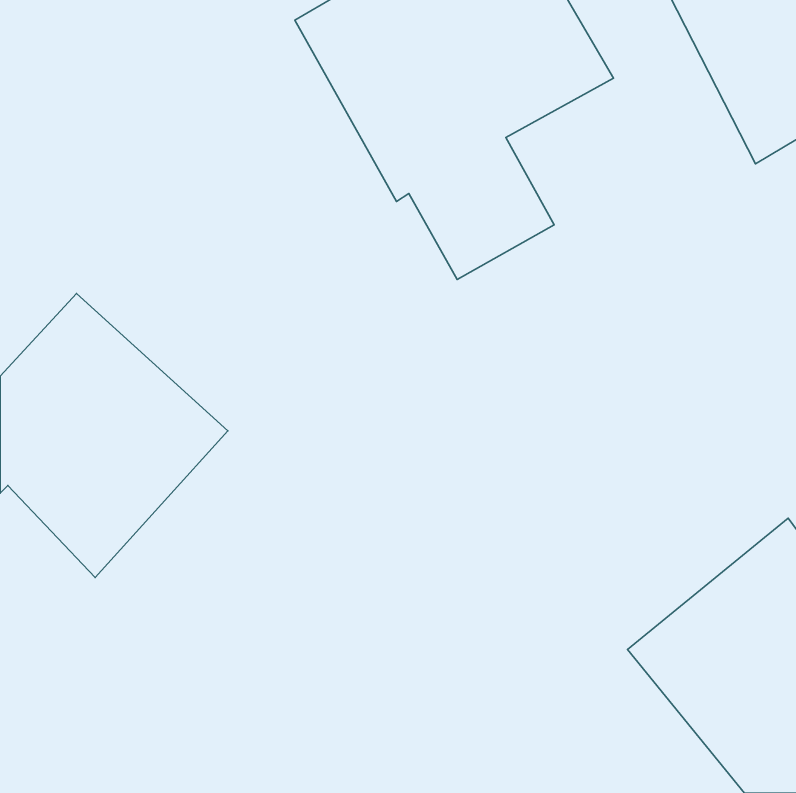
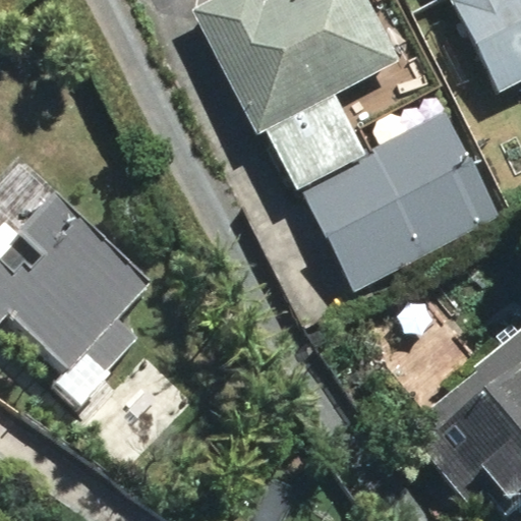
building: none -> [303,116,499,288]

